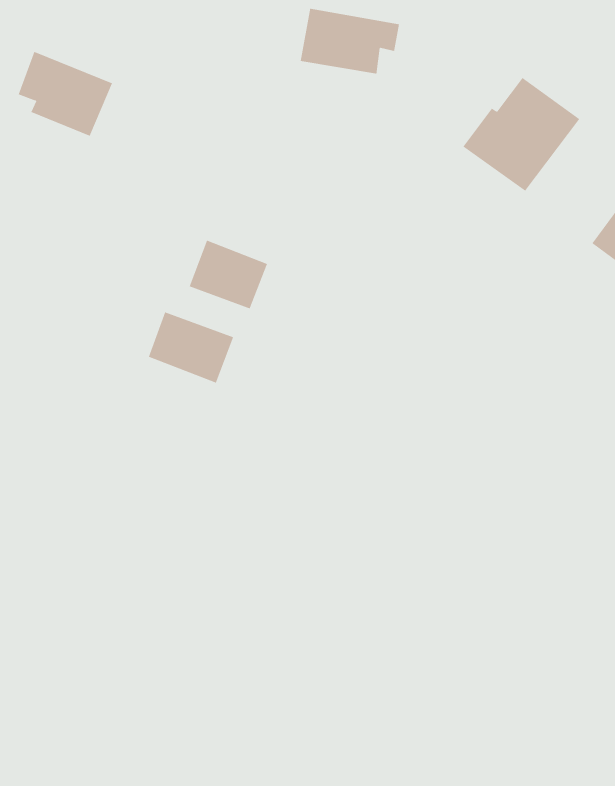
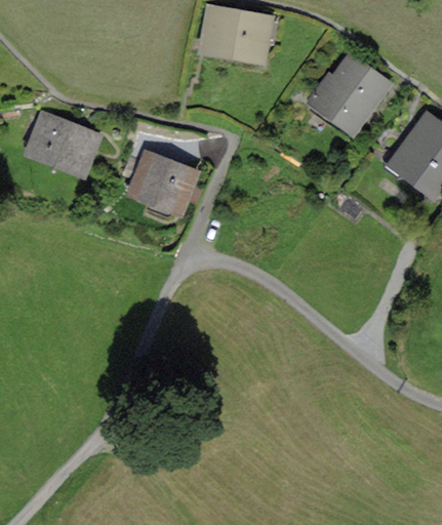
building: [18,51,113,136] -> [33,116,93,170]
building: [148,312,234,384] -> none

